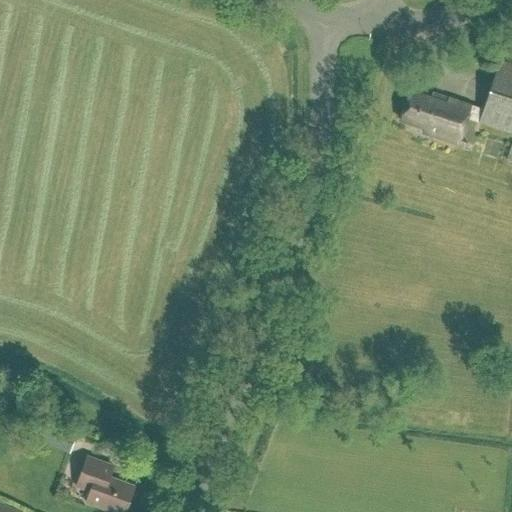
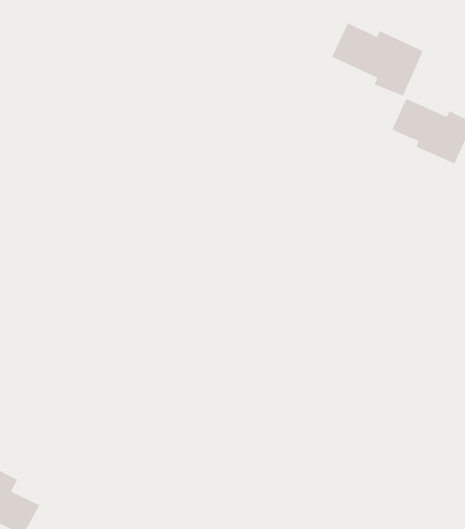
building: none -> [332,22,424,97]

